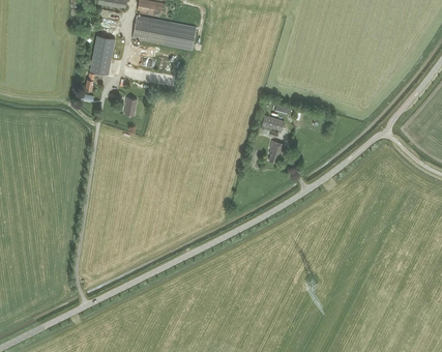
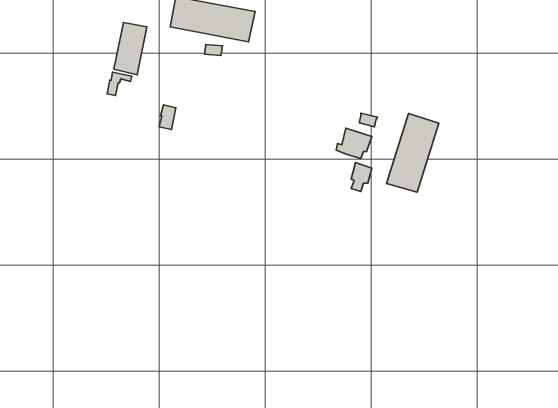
building: none -> [386,113,439,192]

